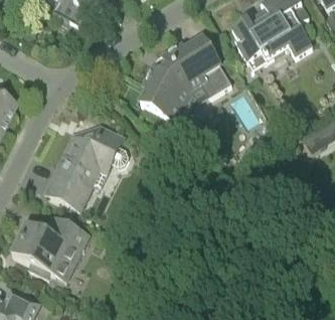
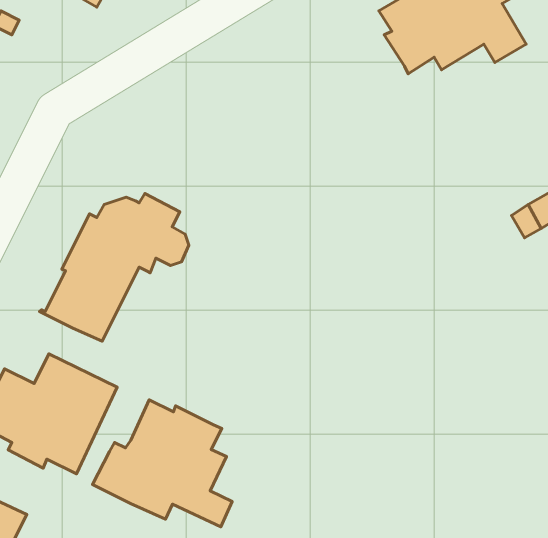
building: [141,38,231,121] -> none
building: none -> [93,400,232,527]

